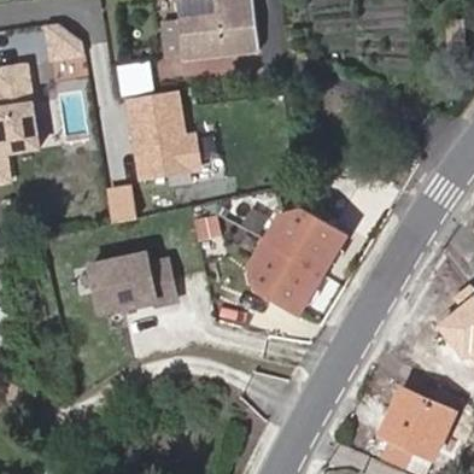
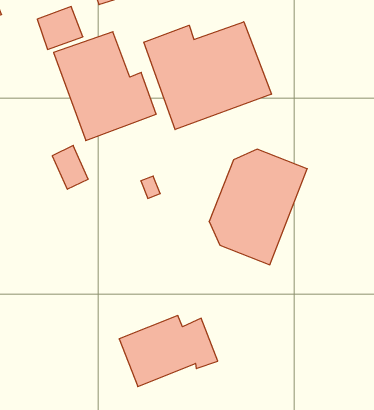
building: none -> [144,22,271,130]
building: [84,258,170,316] -> [119,316,218,387]

